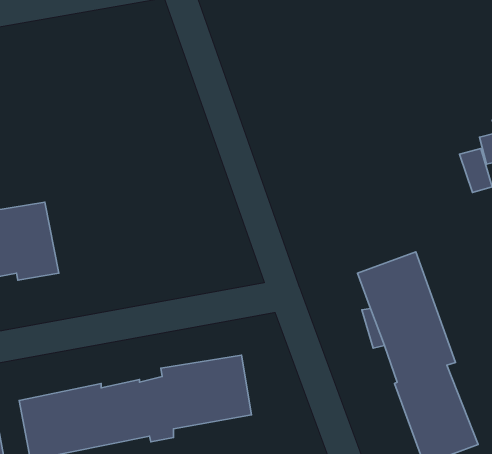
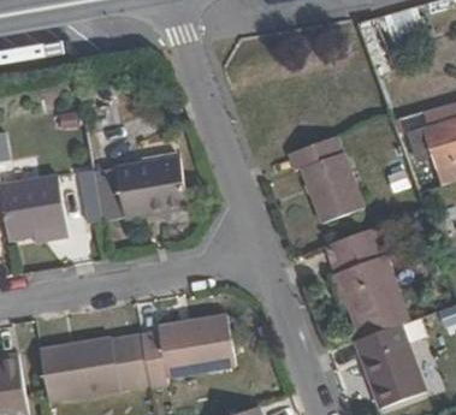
building: none -> [291,132,365,219]
building: none -> [91,153,184,217]

